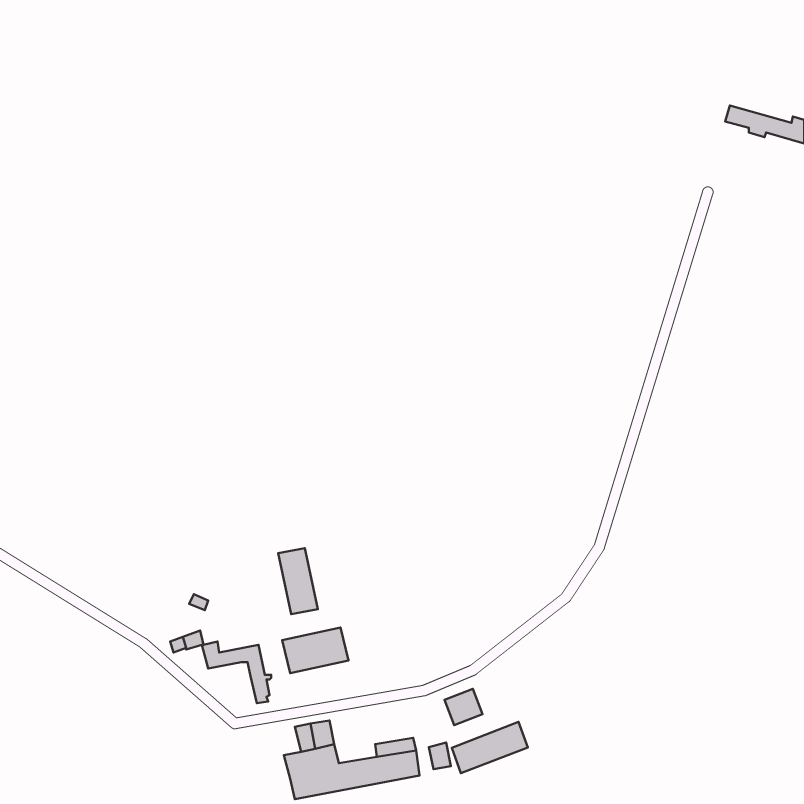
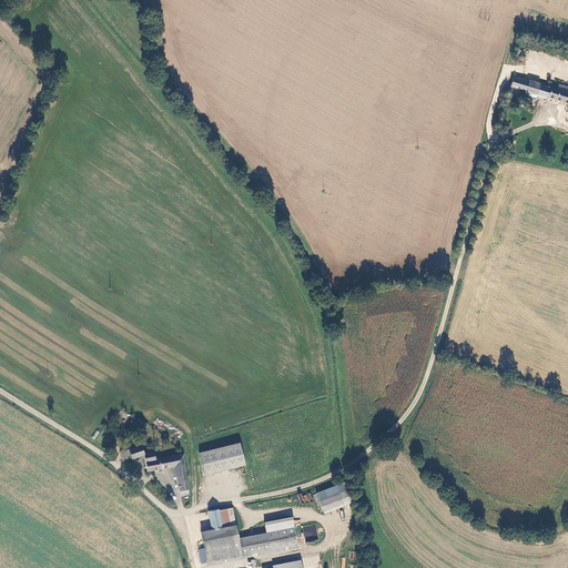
building: [278,548,318,614] -> none
building: [452,722,528,773] -> none

